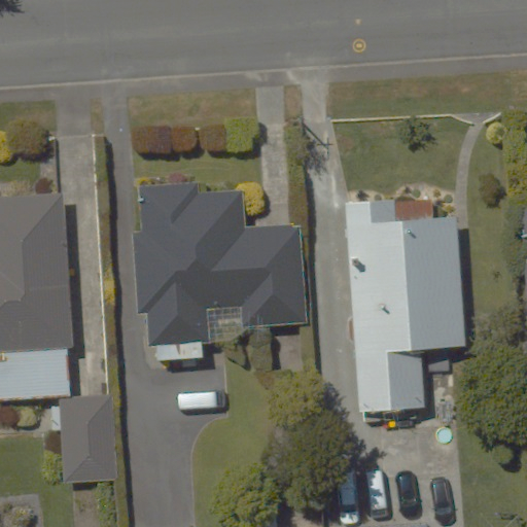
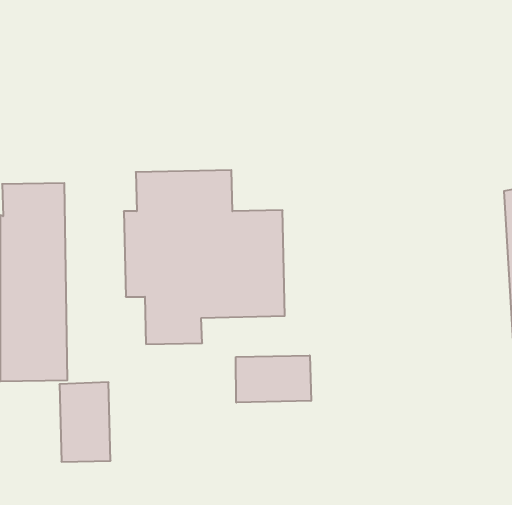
building: [343,199,466,408] -> none
building: none -> [236,355,311,403]

